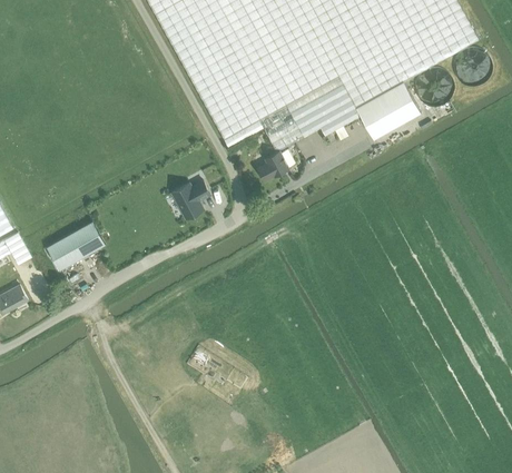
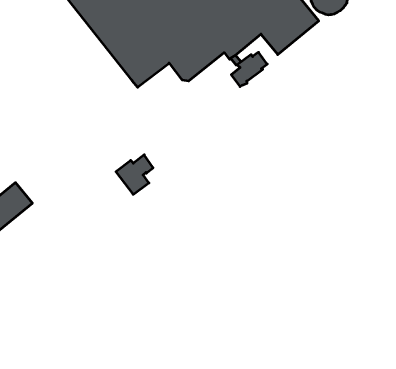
building: [256,148,294,179] -> [231,52,267,87]
building: [171,179,209,217] -> [116,155,153,194]

